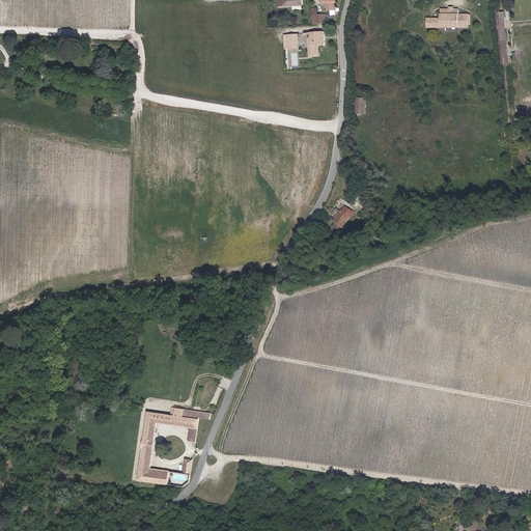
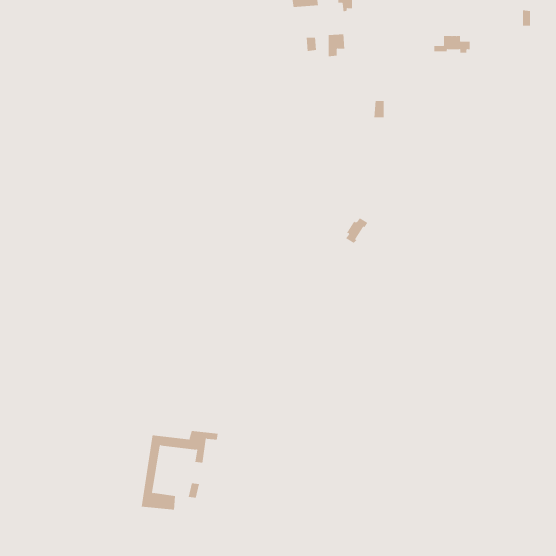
building: [434,8,469,25] -> [433,36,471,53]

